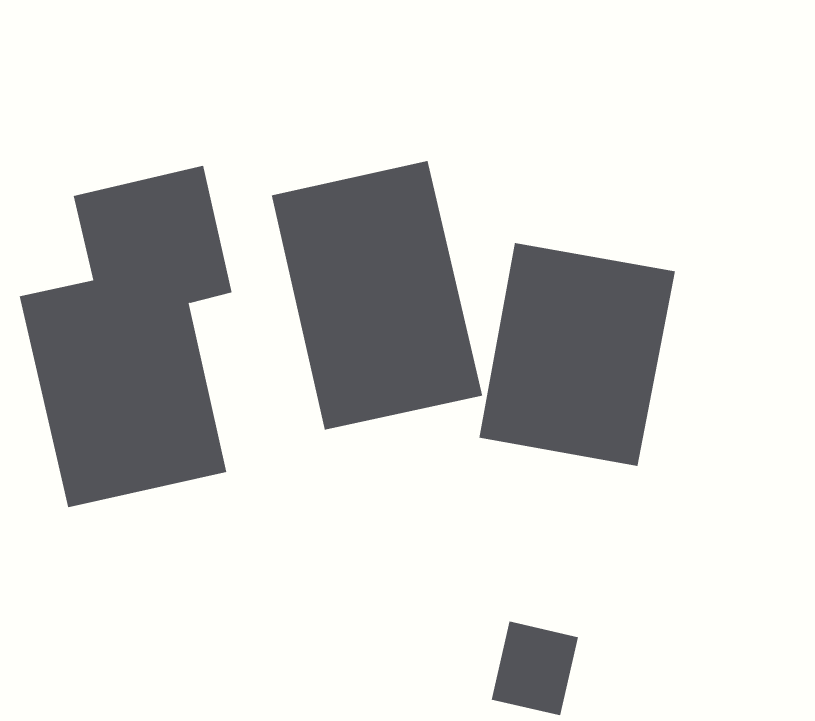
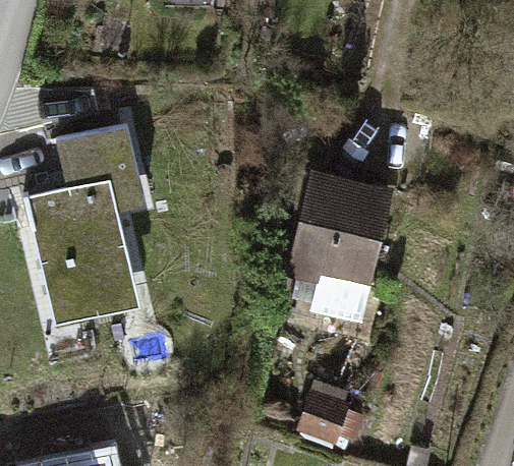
building: [271,160,483,431] -> none

